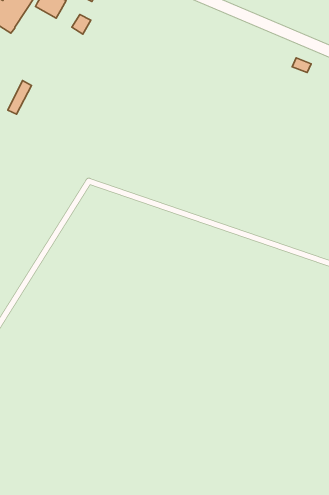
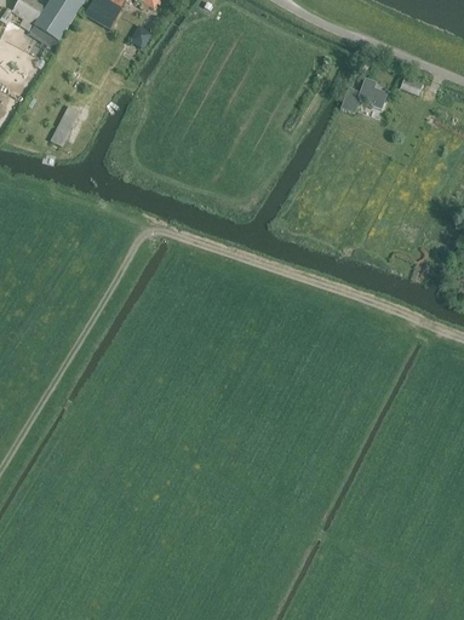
building: none -> [340,78,386,113]

